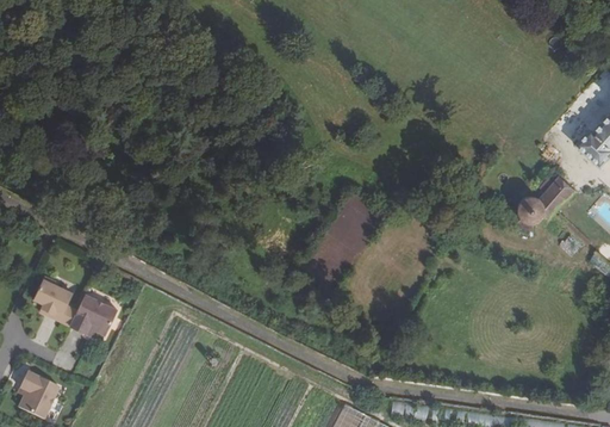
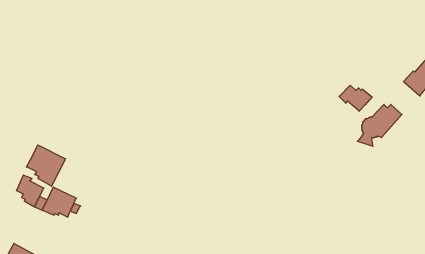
building: none -> [339,85,372,111]
building: none -> [26,145,65,186]

